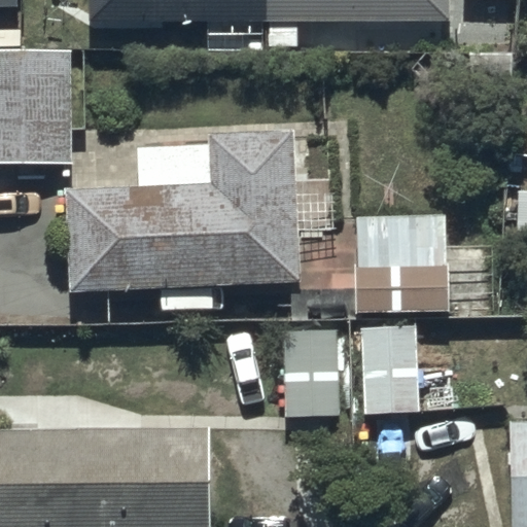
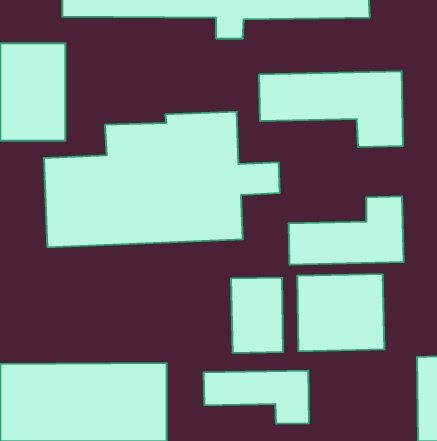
building: none -> [259,71,403,147]
building: none -> [204,370,309,424]

